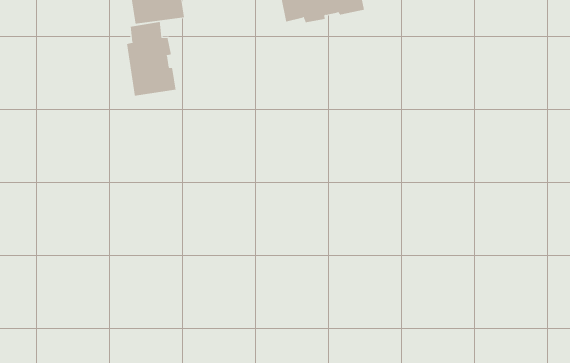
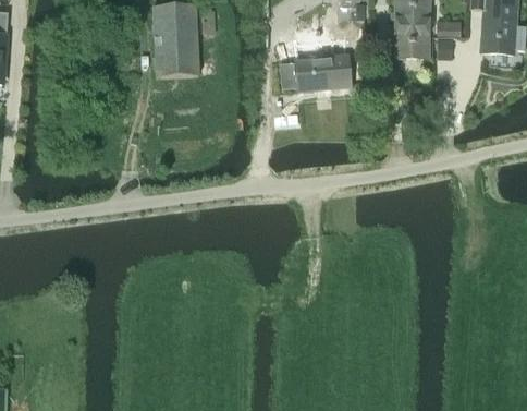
building: [126,21,176,97] -> none

